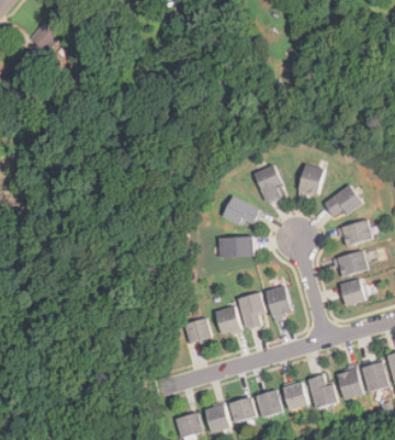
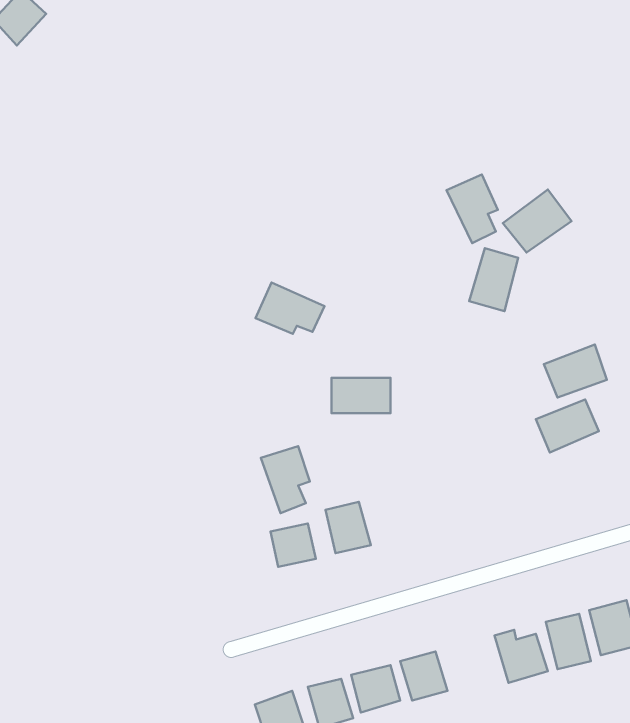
building: [252,165,281,203] -> [447,174,498,243]
building: [321,184,360,219] -> [503,190,572,253]
building: [222,196,260,225] -> [256,283,324,334]
building: [339,278,365,305] -> none
building: [266,284,292,318] -> none
building: [237,291,264,328] -> [261,446,310,513]
building: [284,381,308,408] -> none

